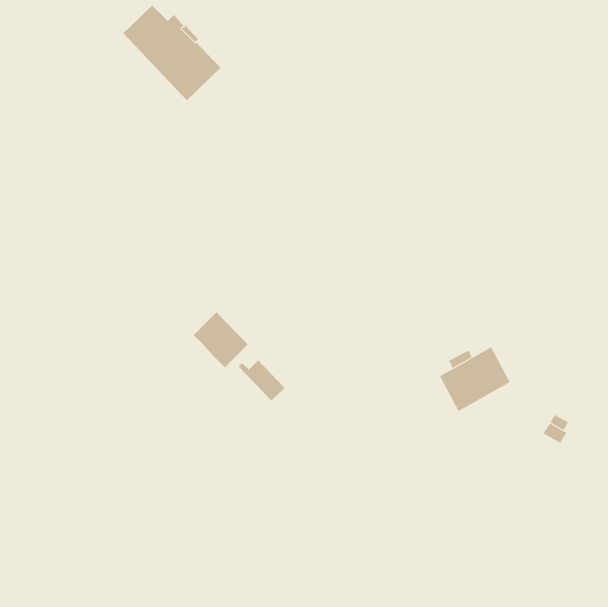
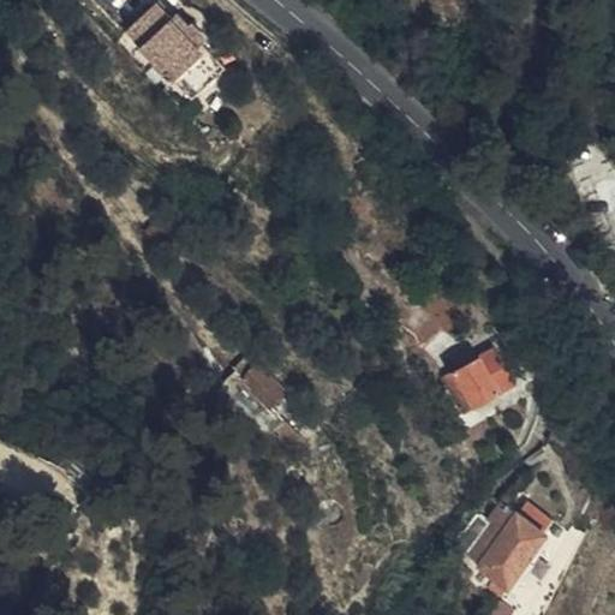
building: [193,311,248,368] -> none
building: none -> [452,502,557,585]

